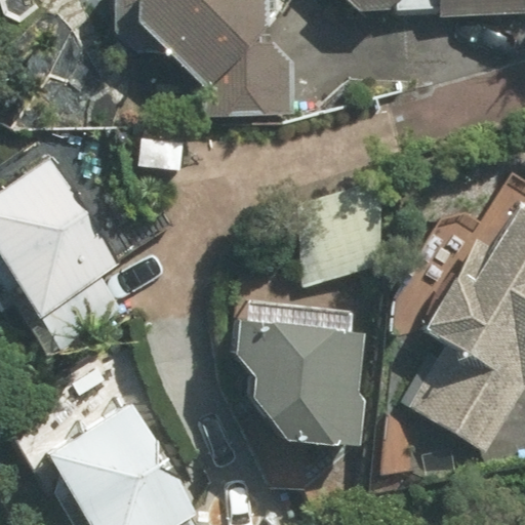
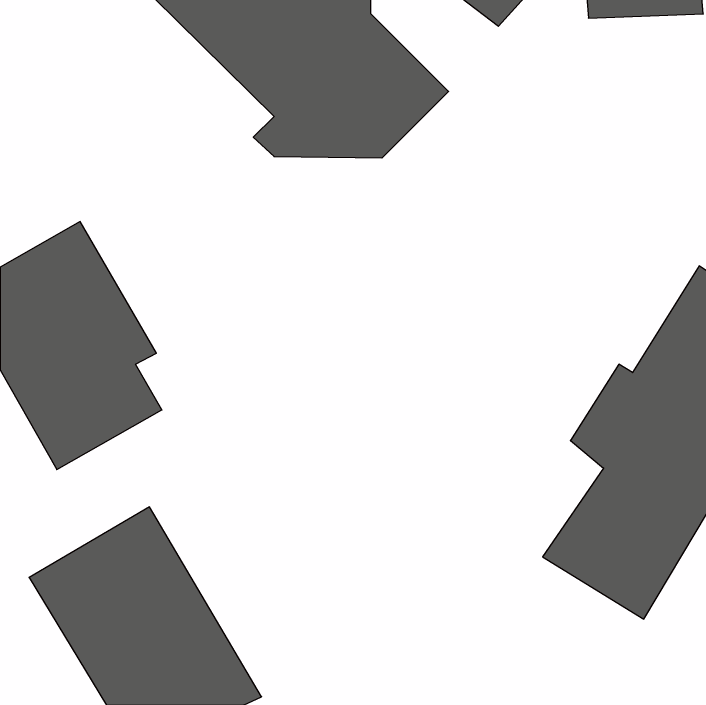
building: [226,320,362,442] -> none

